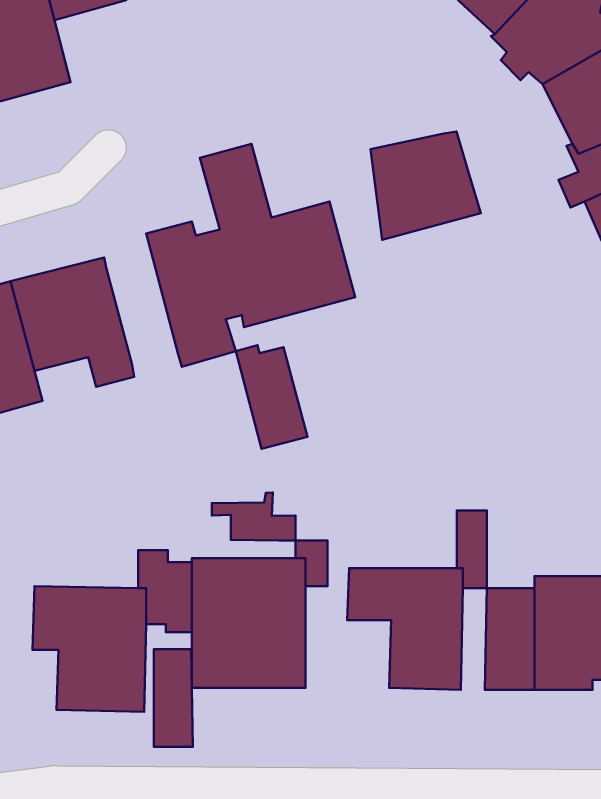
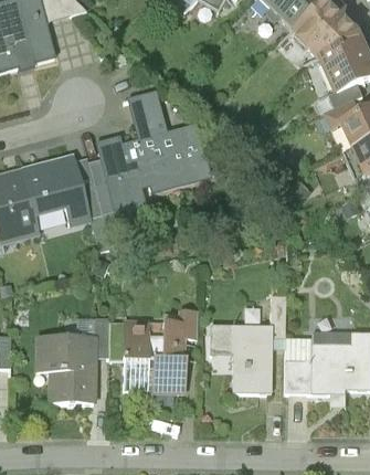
building: [370,131,481,240] -> none
building: [236,345,307,449] -> [74,158,114,215]
building: [212,493,295,540] -> none
building: [154,649,193,747] -> none

